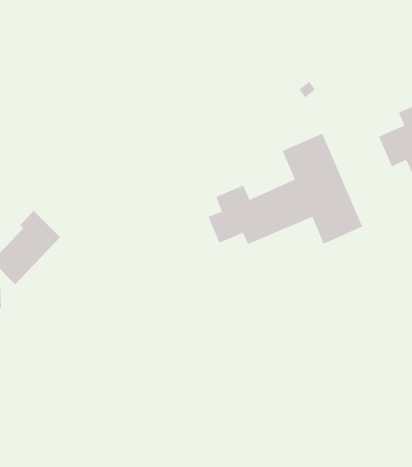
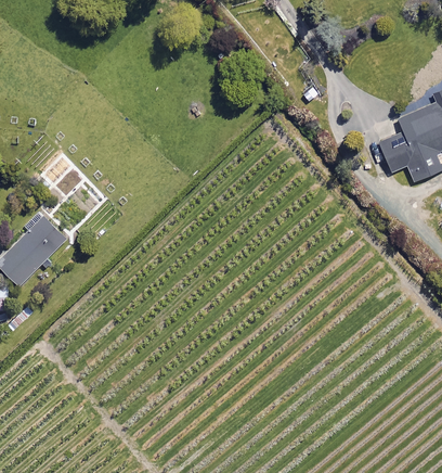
building: [208,133,363,245] -> none

